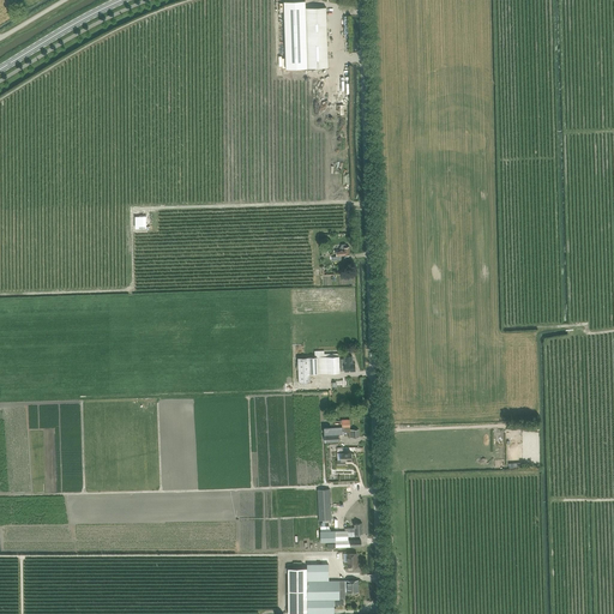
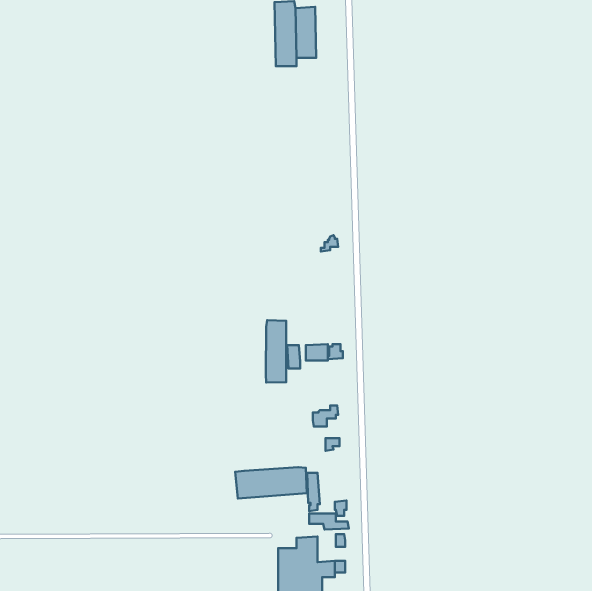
building: none -> [266,320,286,382]
building: none -> [235,467,307,498]

